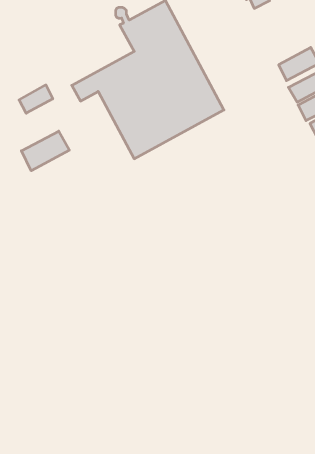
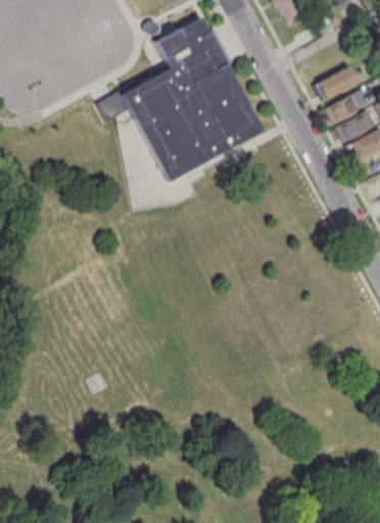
building: [19,85,53,113] -> none
building: [21,131,69,171] -> none

